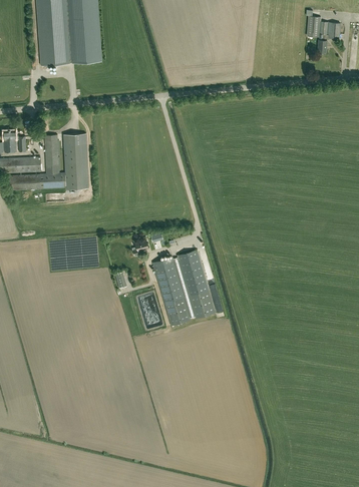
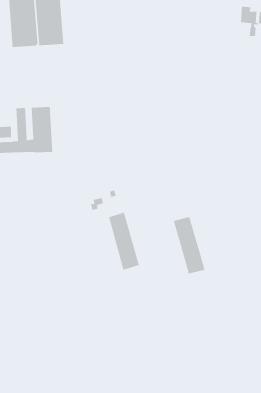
building: [177,250,216,318] -> [173,216,205,274]

